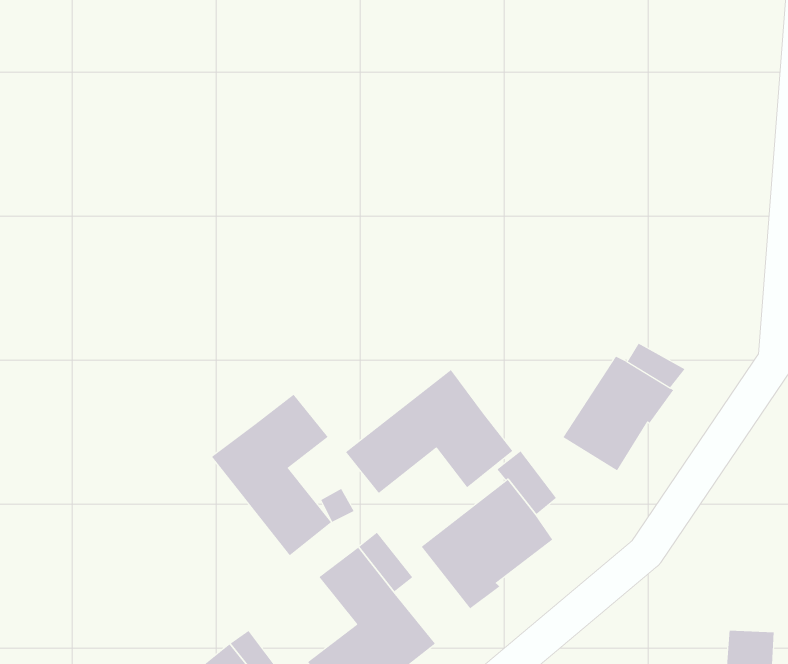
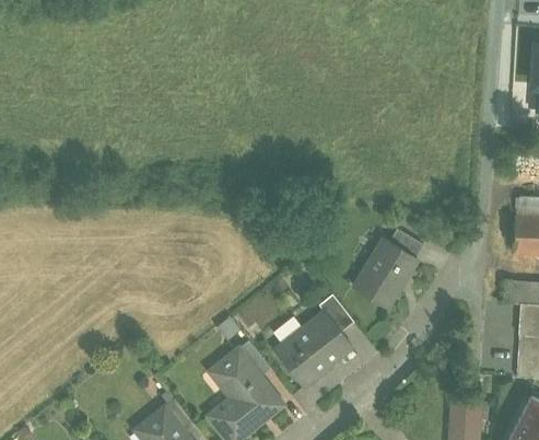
building: [345,369,513,494] -> none
building: [211,394,332,556] -> none

